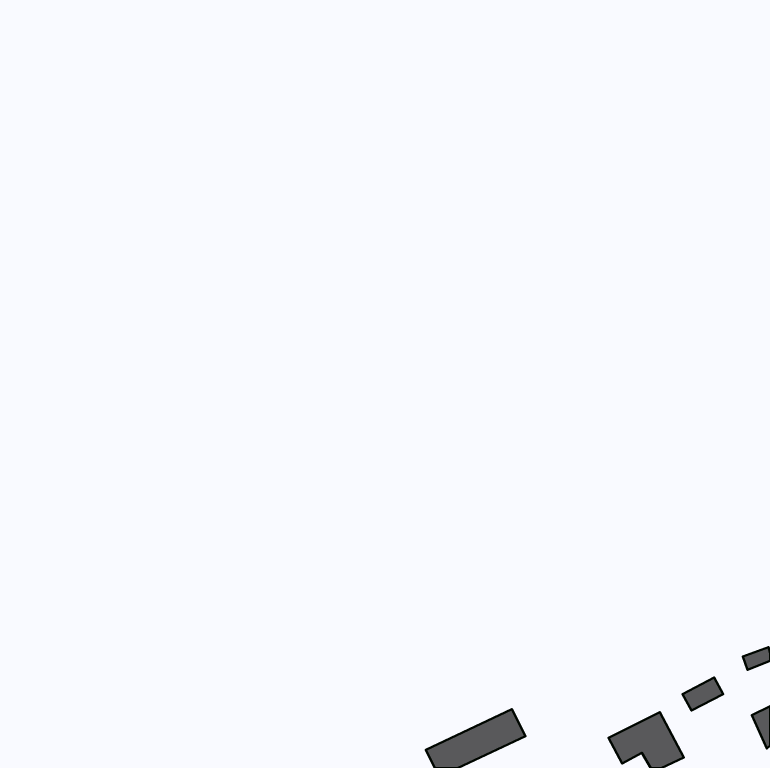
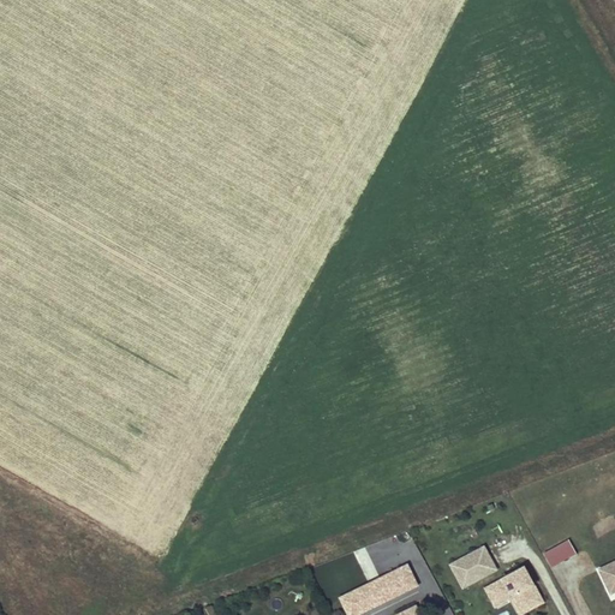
building: none -> [449,547,496,587]

